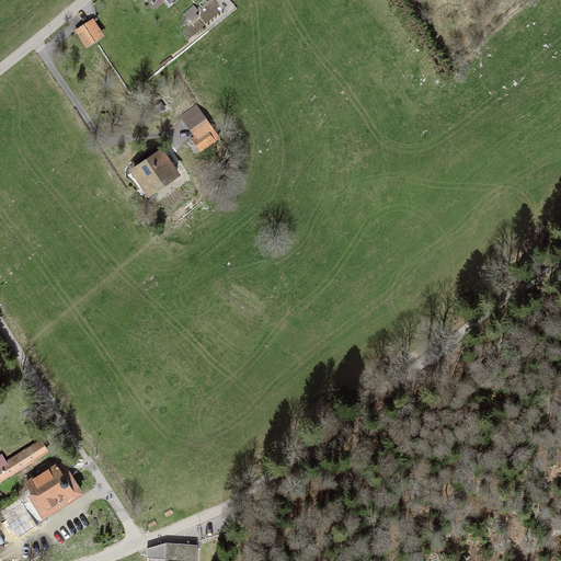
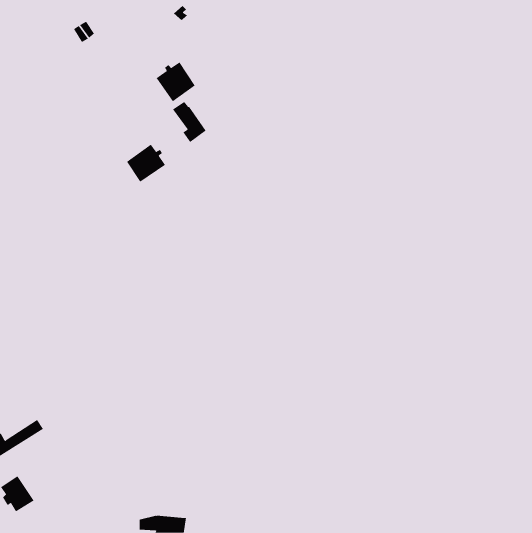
building: none -> [156,62,196,102]
building: [25,466,80,516] -> none

